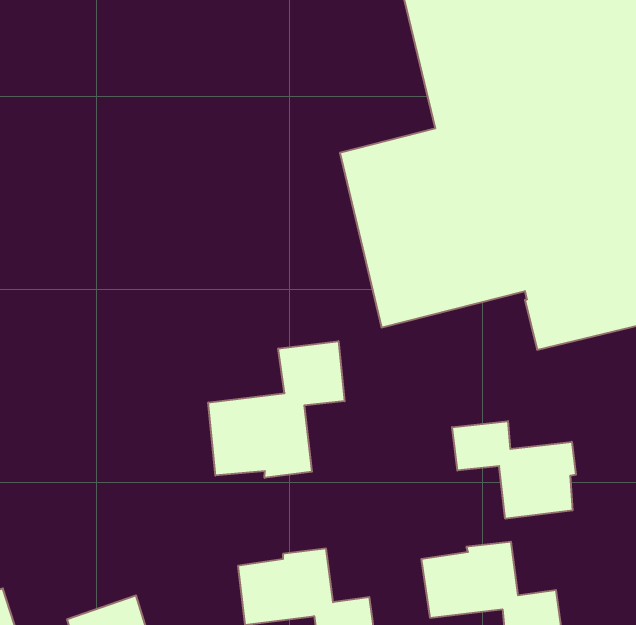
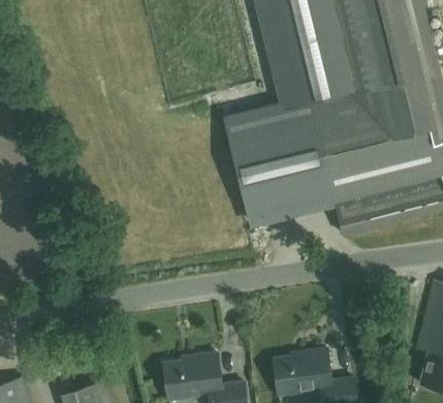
building: [208,341,345,478] -> none
building: [452,421,576,519] -> none

